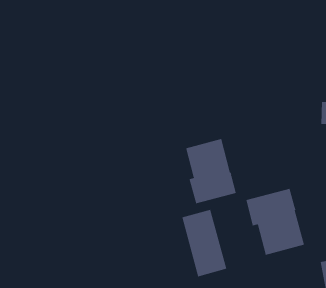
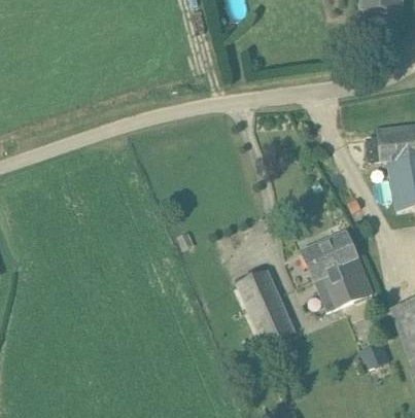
building: [185,138,236,204] -> none

